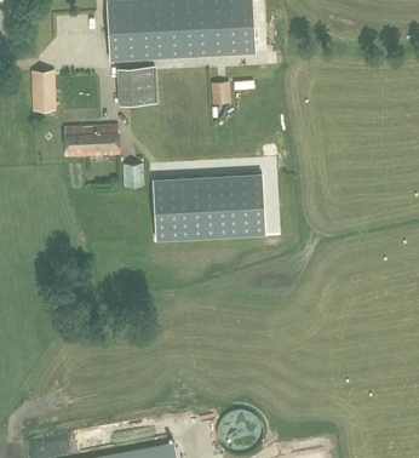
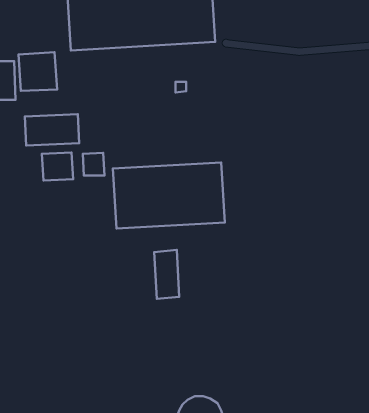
building: [117,67,156,105] -> [19,52,57,91]
building: none -> [42,153,73,180]
building: none -> [154,250,179,299]

